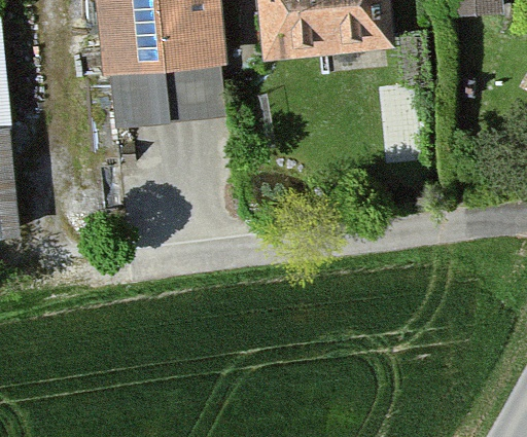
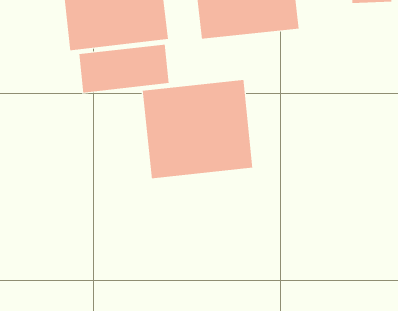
building: none -> [142,79,253,179]

